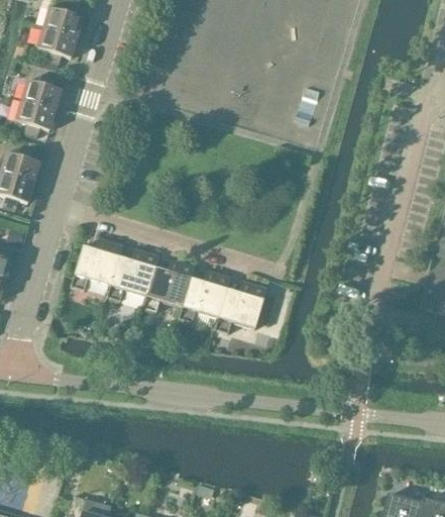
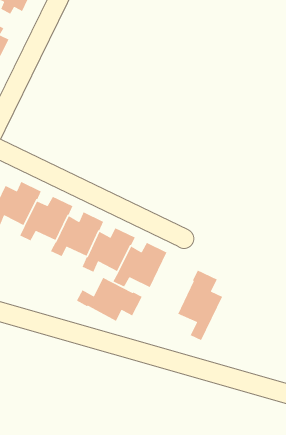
building: none -> [177,269,223,341]
building: none -> [76,277,143,322]

